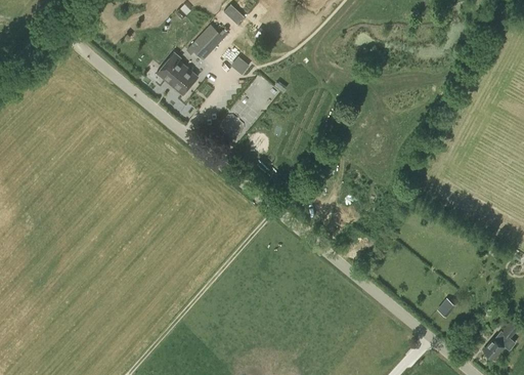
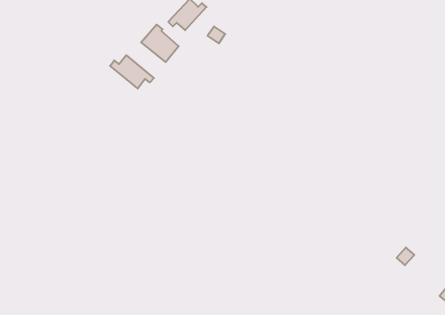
building: none -> [110,55,154,89]

